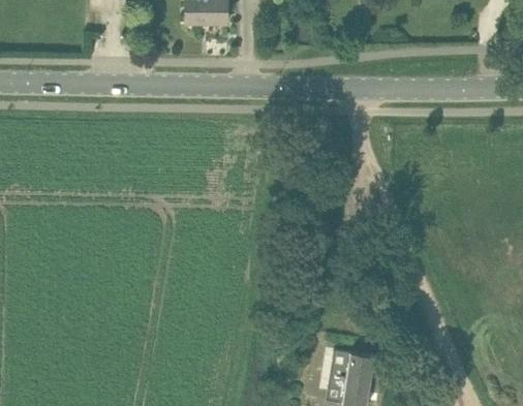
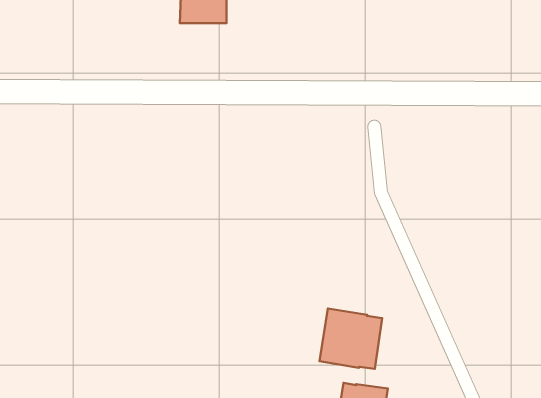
building: none -> [319,308,382,369]

